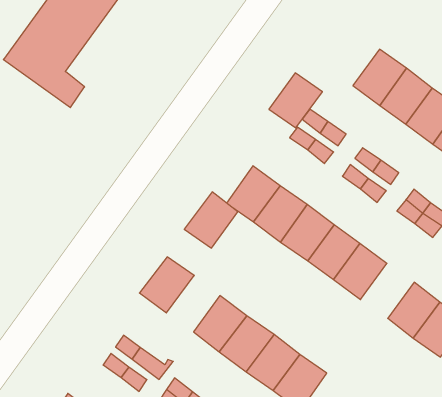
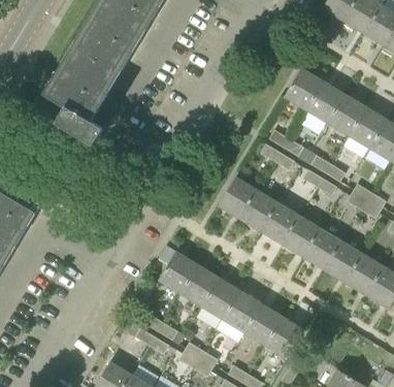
building: [269,73,322,128] -> [284,68,323,109]
building: [184,192,238,248] -> [179,263,219,305]
building: none -> [325,241,364,283]

